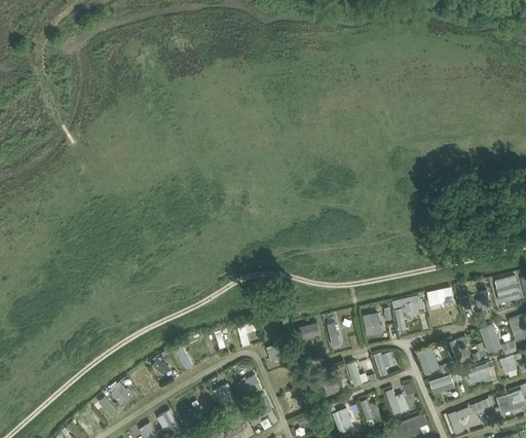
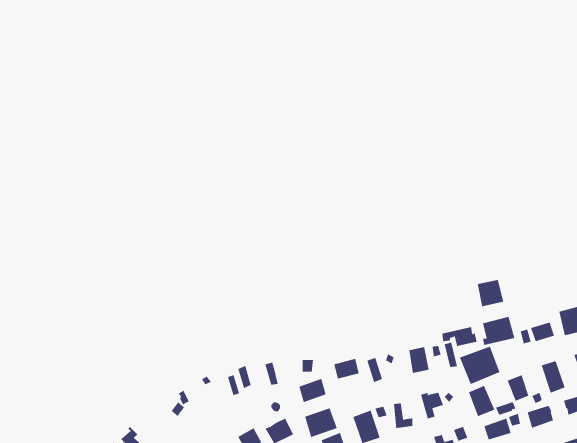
building: none -> [477,279,504,307]
building: none -> [459,346,500,385]
building: none -> [304,408,337,438]

